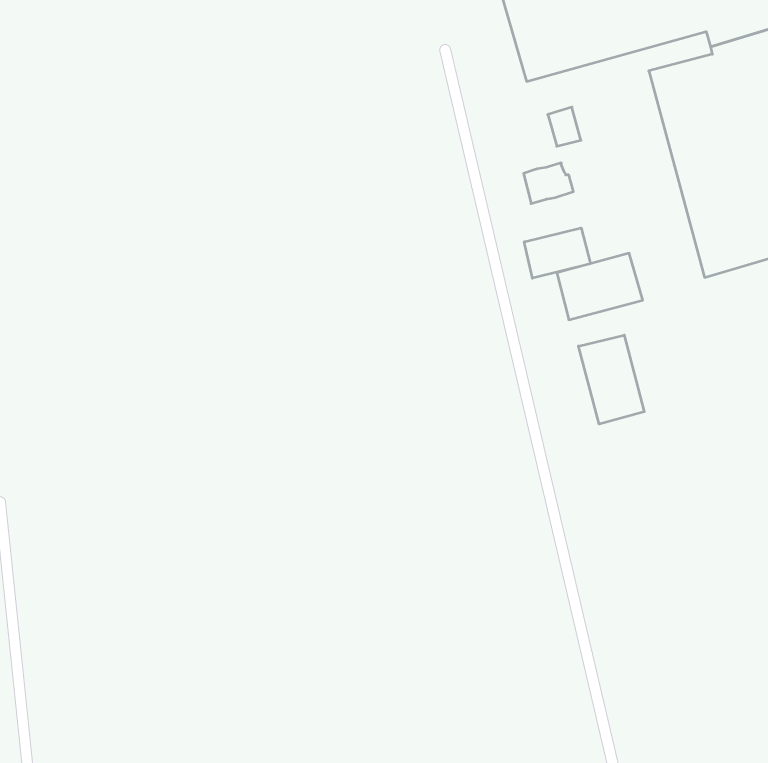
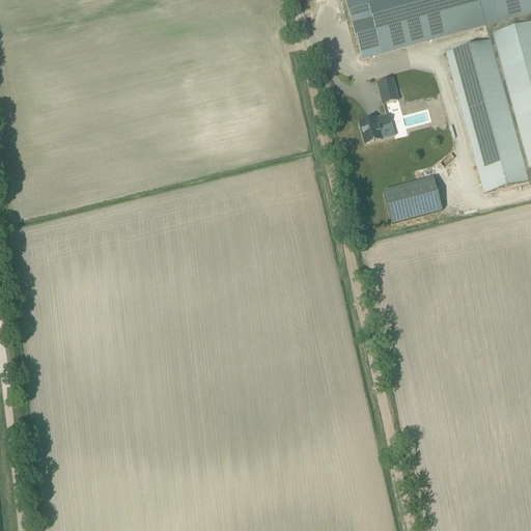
building: [524,228,590,278] -> none
building: [578,335,644,424] -> none

